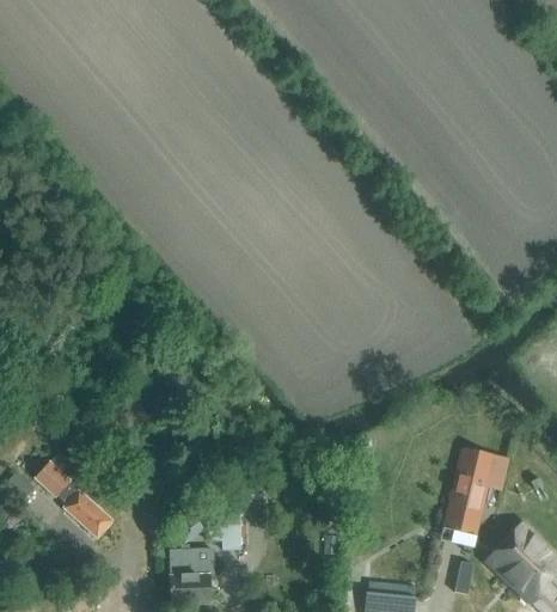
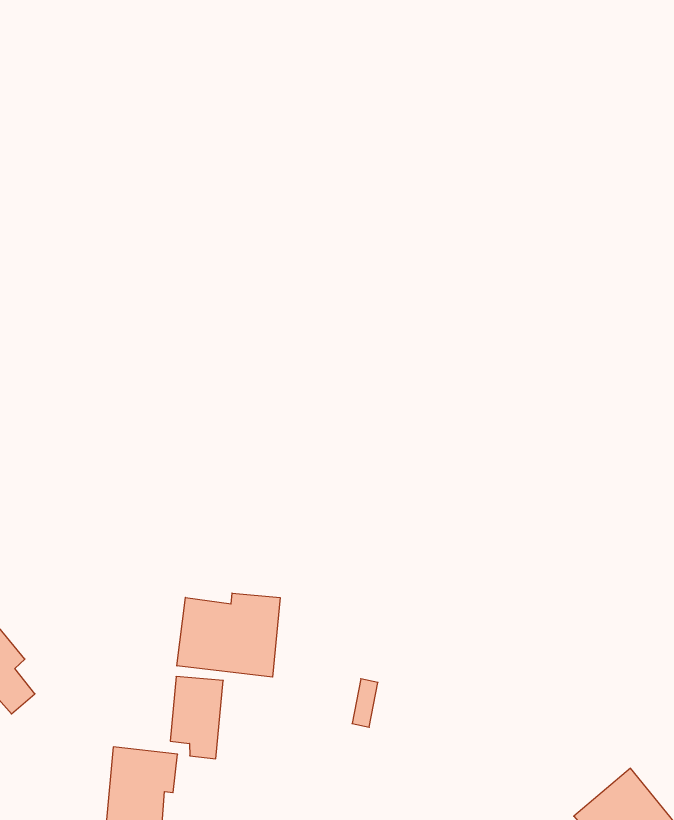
building: none -> [177,593,280,677]
building: [445,449,492,534] -> none

